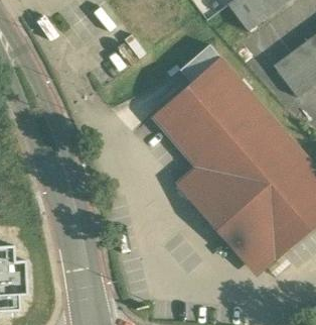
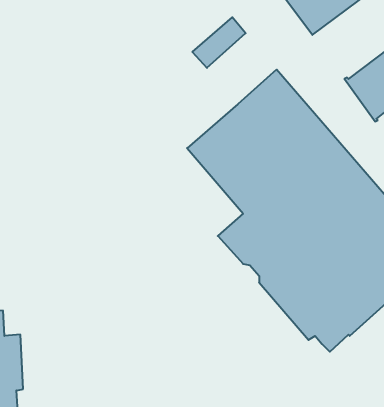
building: [180,45,220,84] -> [192,17,246,68]

